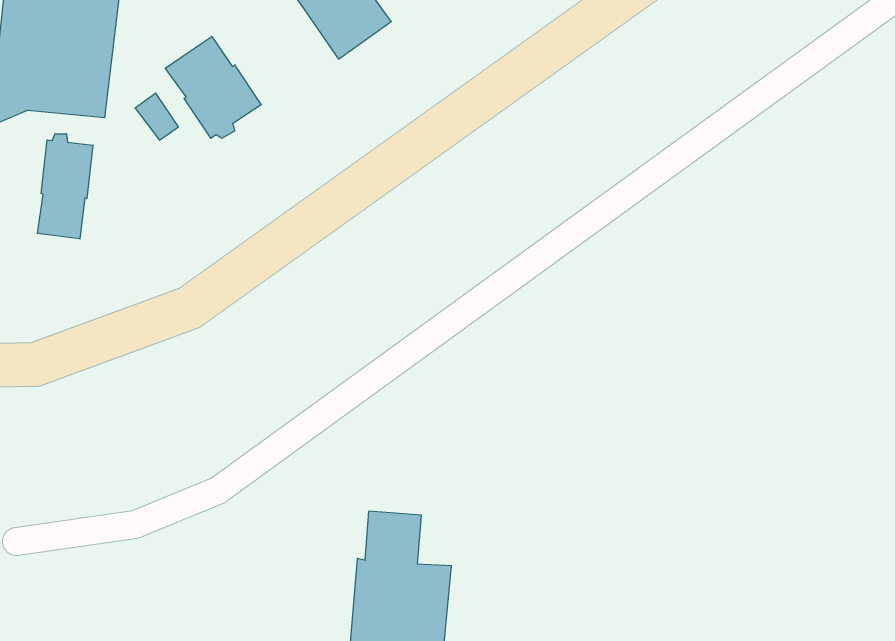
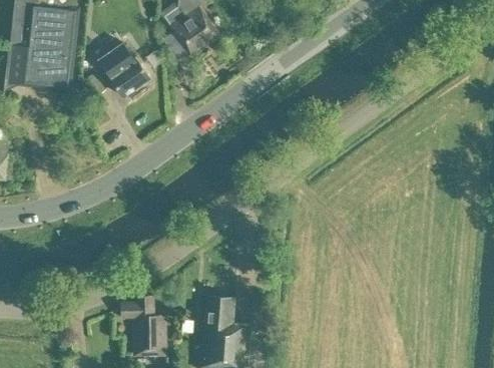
building: [37,134,93,239] -> none
building: none -> [122,296,166,357]

